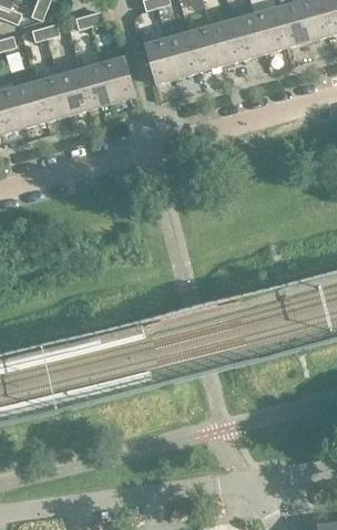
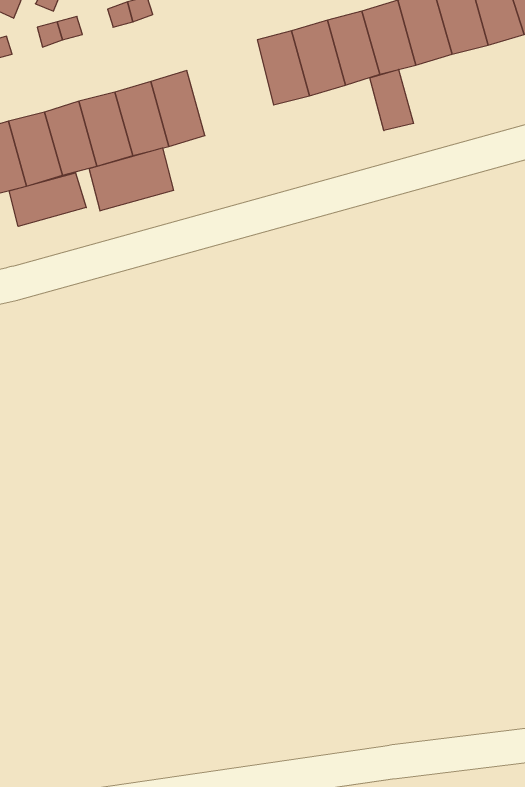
building: [144,38,177,84] -> none
building: none -> [370,69,414,131]
building: none -> [89,148,174,211]
building: none -> [9,173,86,226]

